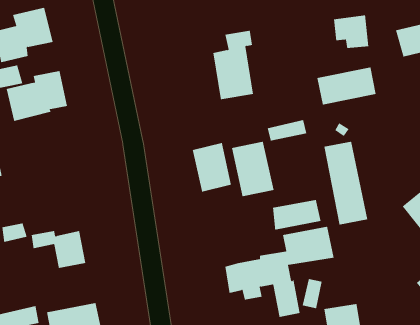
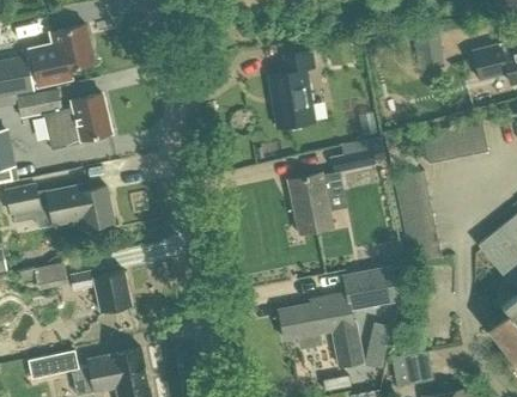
building: [317,67,376,105] -> [422,123,488,165]
building: [192,142,232,192] -> none
building: none -> [45,185,112,228]
building: [272,199,321,230] -> none

